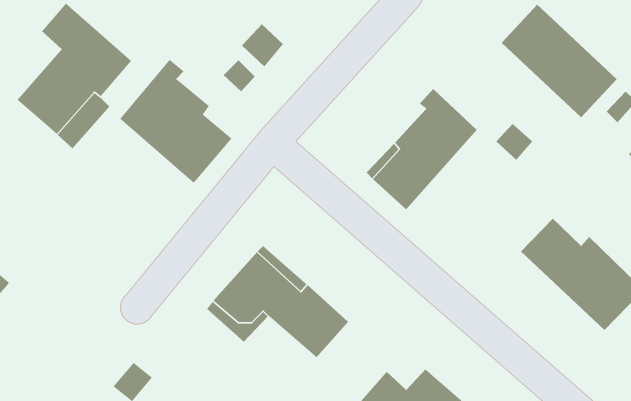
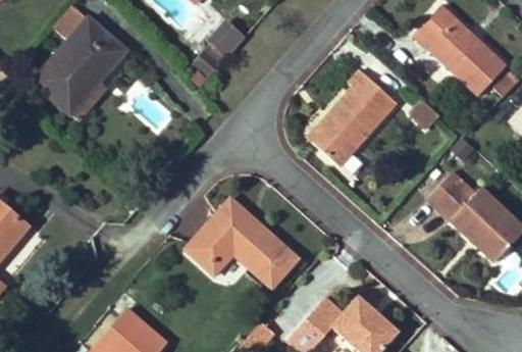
building: [119,59,232,184] -> none

